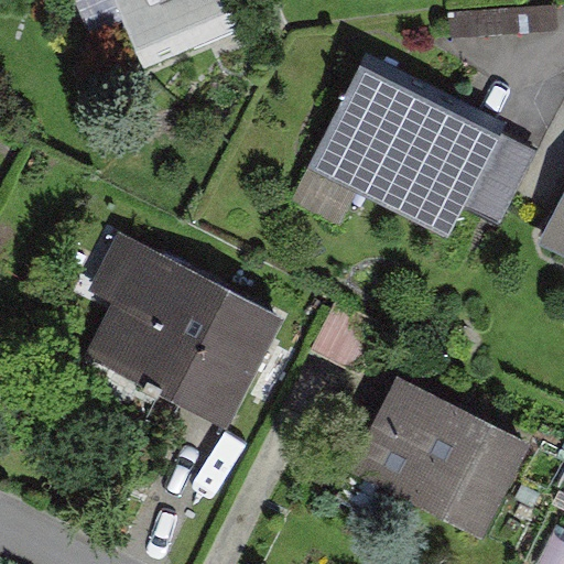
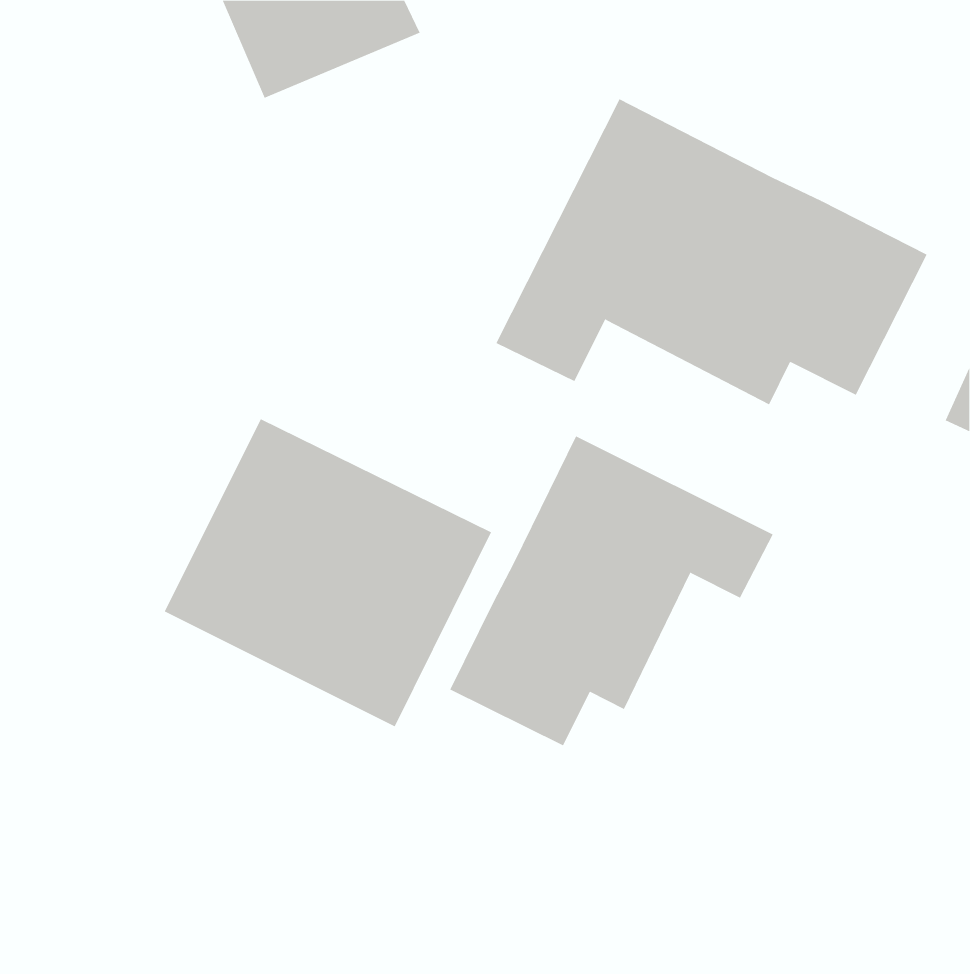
building: none -> [449,435,773,746]
building: [359,378,536,529] -> none

